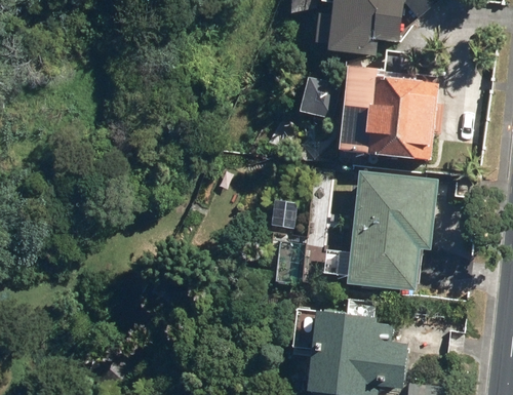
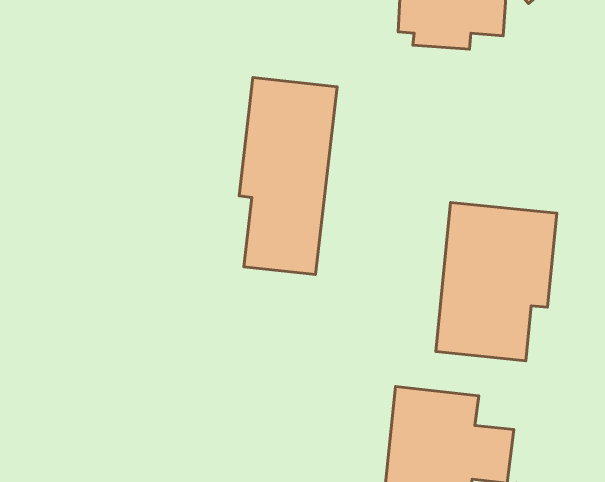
building: [303,66,438,163] -> none
building: none -> [239,77,337,274]

